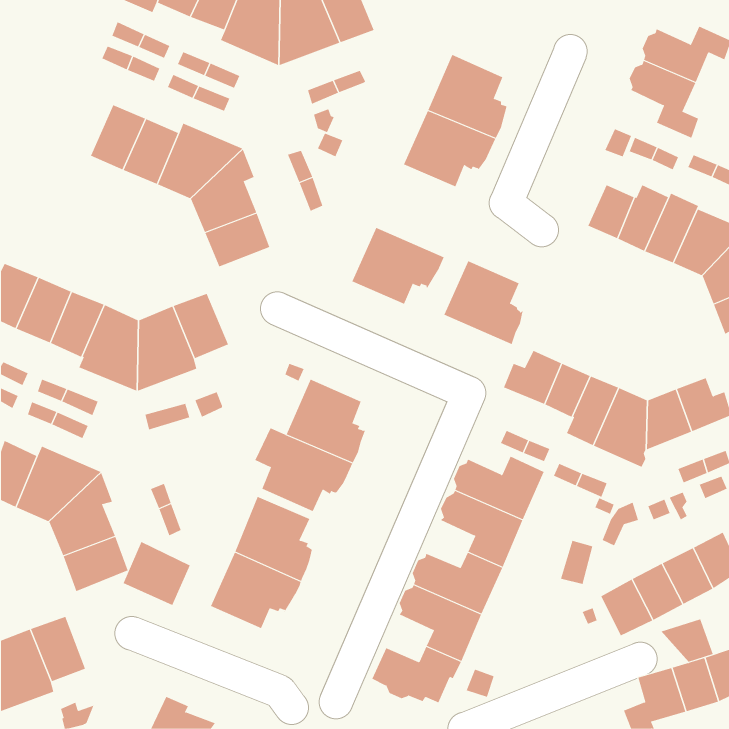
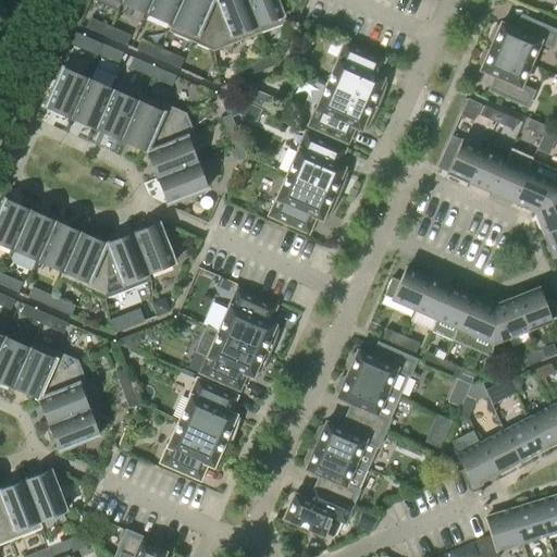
building: none -> [44,67,87,119]
building: [444,260,524,345] -> [287,132,348,196]
building: [123,541,191,606] -> none
building: [660,618,713,663] -> none

